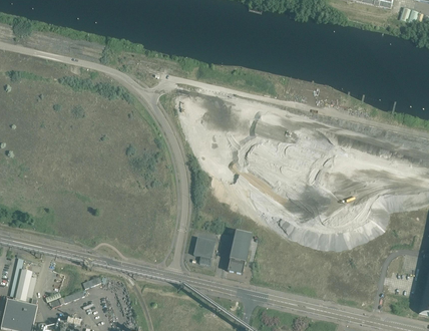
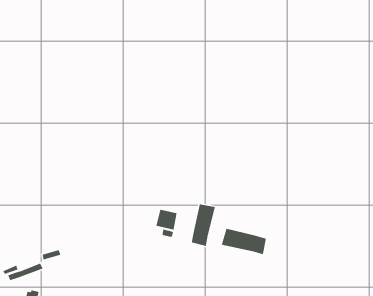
building: none -> [221,228,267,255]

